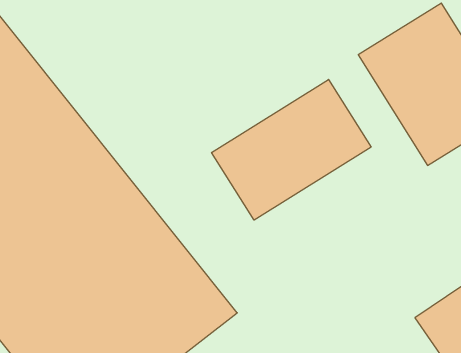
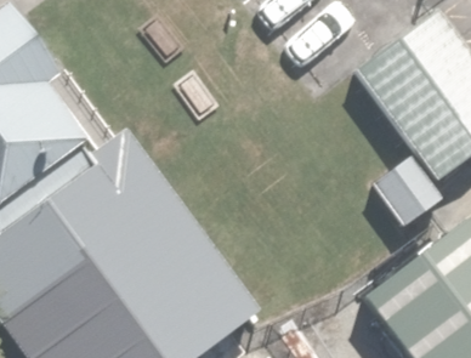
building: [212,79,371,220] -> none

